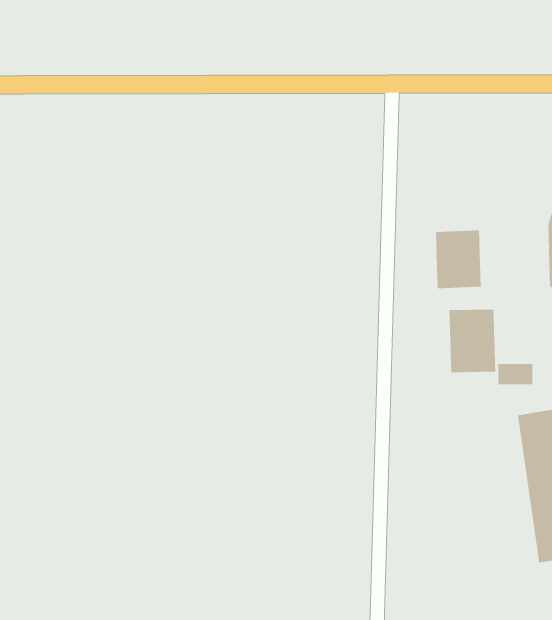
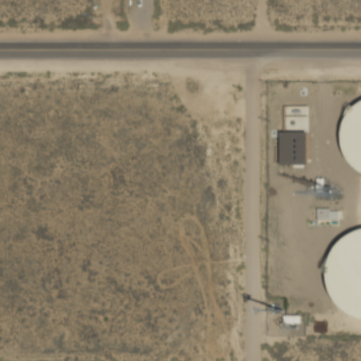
building: [449,309,496,373] -> none

